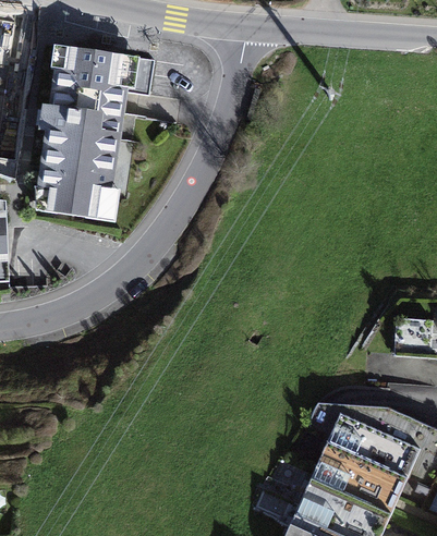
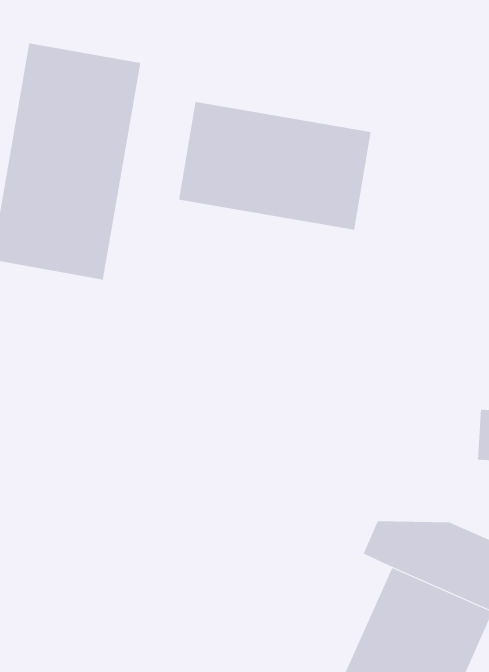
building: none -> [179,101,371,231]

